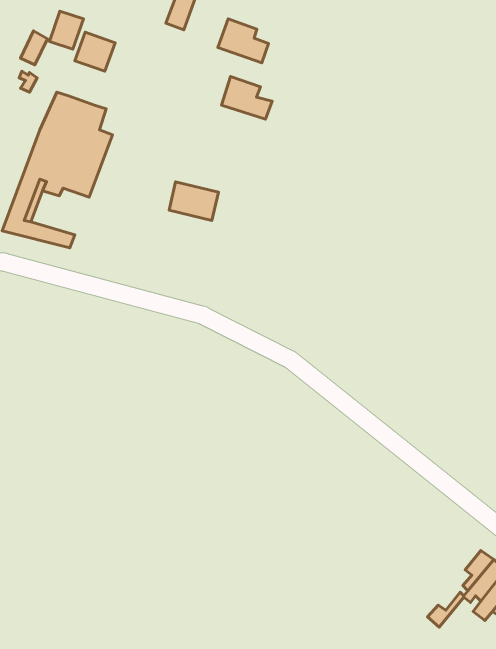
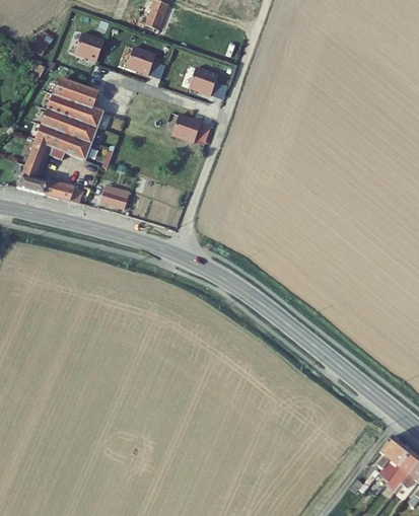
building: [49,11,83,49] -> none
building: [218,19,268,63] -> [125,46,164,80]
building: [169,182,218,221] -> [171,115,210,145]
building: none -> [99,180,128,209]

